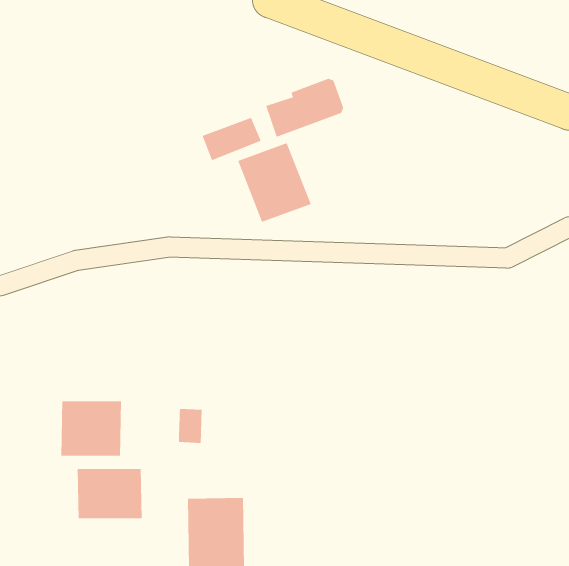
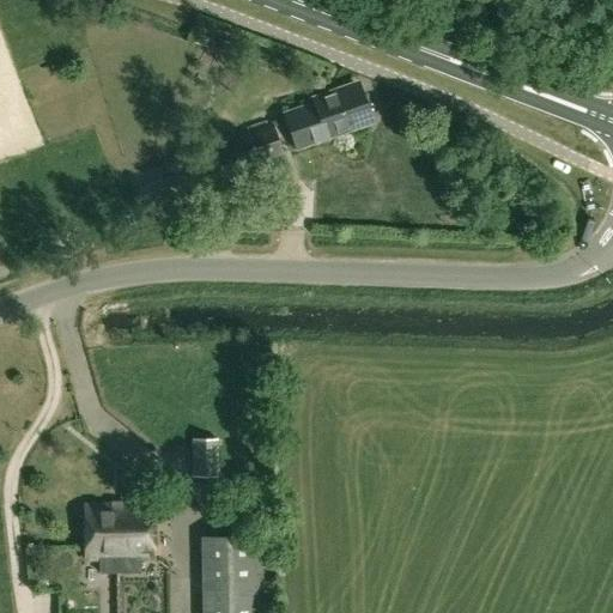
building: [237,142,312,223] -> none
building: [60,401,122,457] -> none

